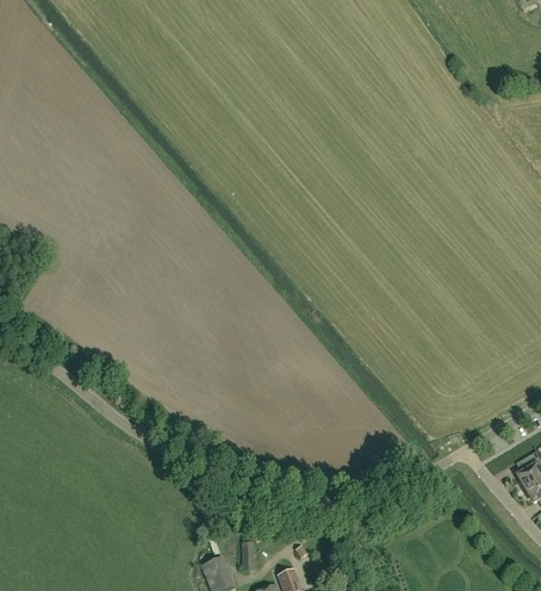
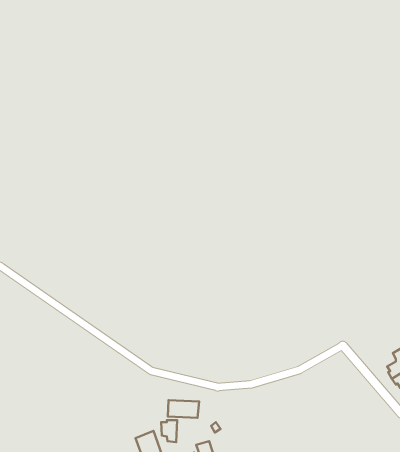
building: none -> [168,400,199,418]

